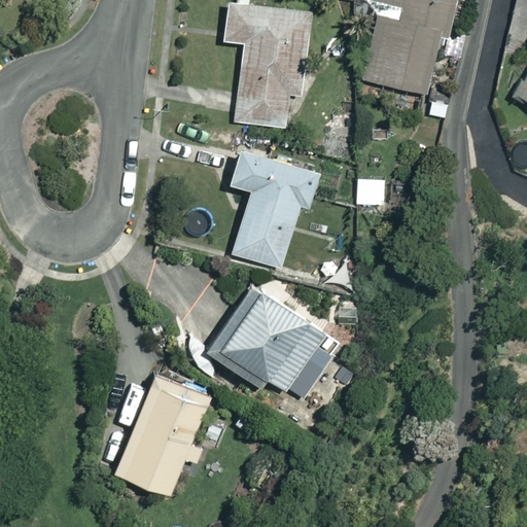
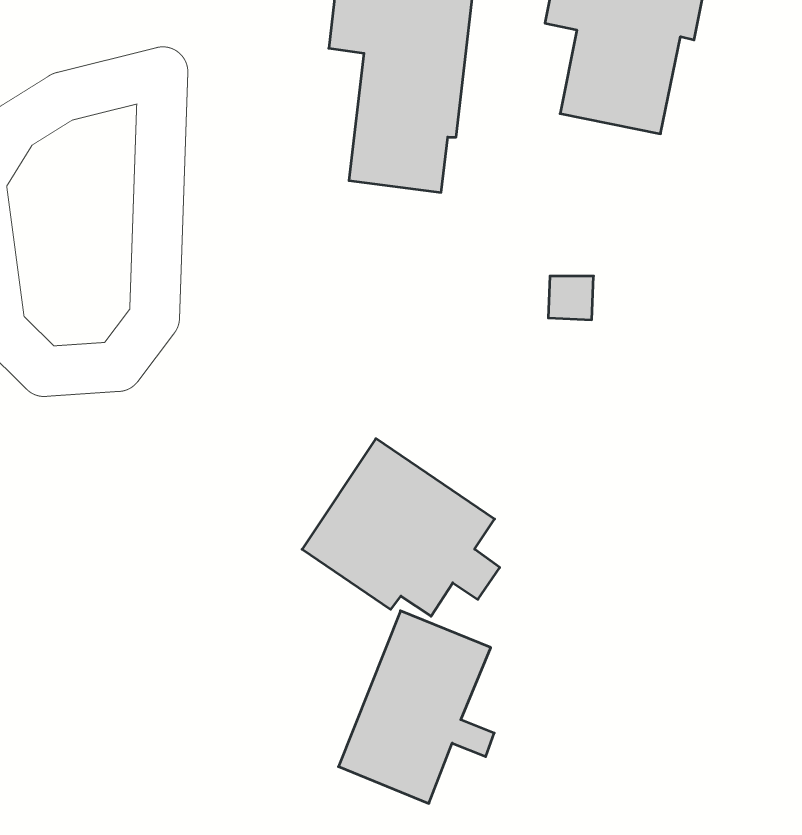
building: [230,149,317,270] -> none
building: [114,378,210,496] -> [338,611,494,803]

